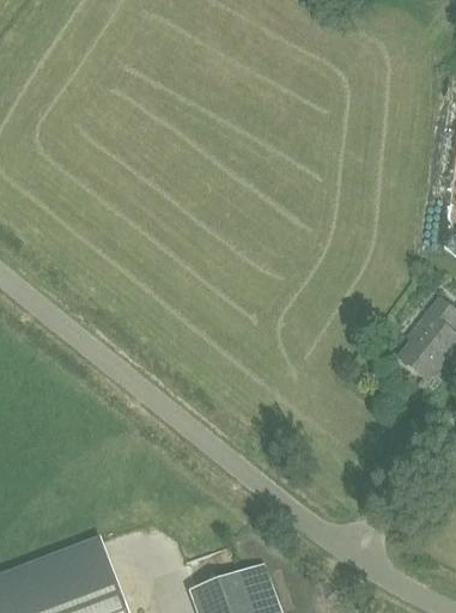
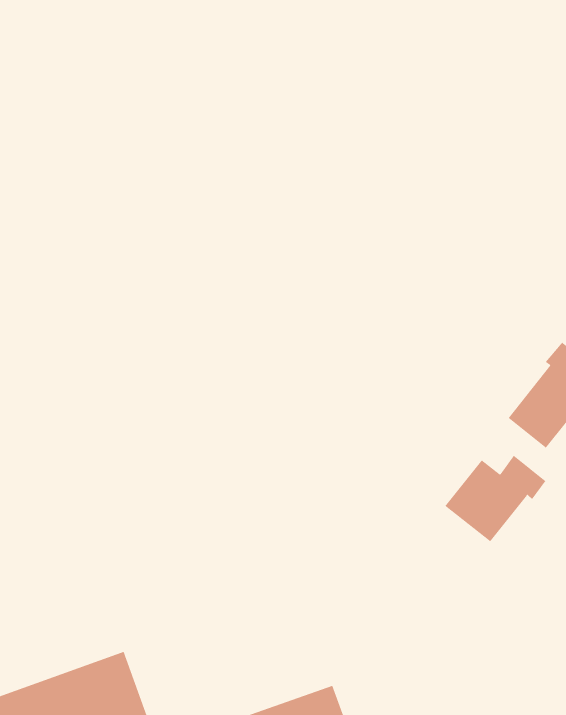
building: none -> [445,455,546,542]

